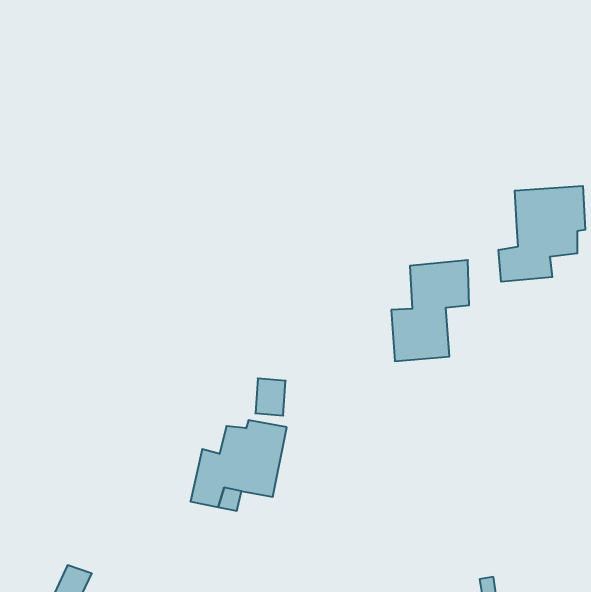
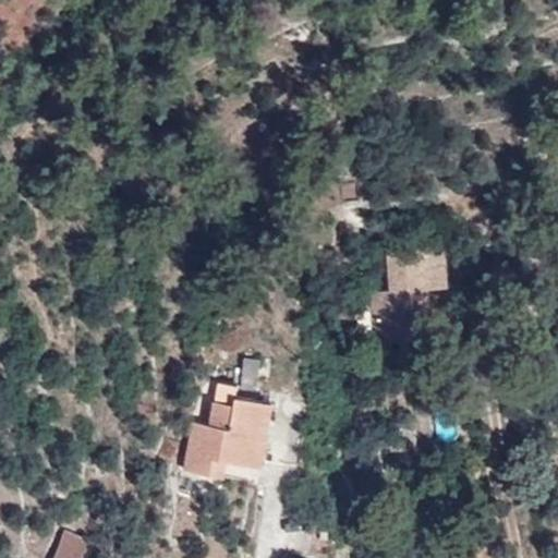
building: [499,186,585,282] -> none

